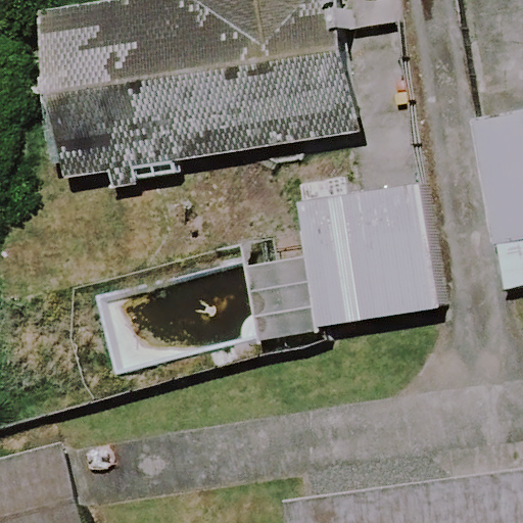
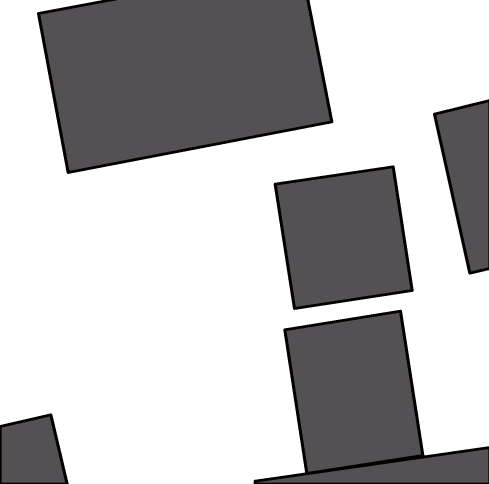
building: none -> [285,311,423,474]

